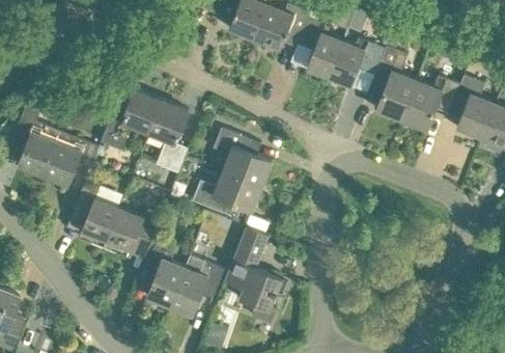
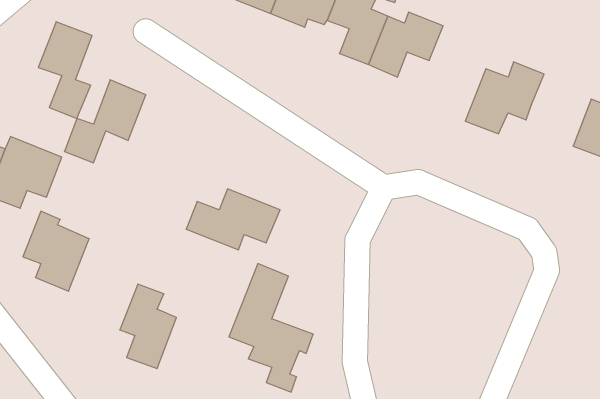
building: [369,46,417,119] -> none
building: [451,75,496,138] -> none
building: [148,100,189,172] -> [38,22,92,118]
building: [213,127,272,186] -> none
building: [104,208,160,259] -> none
building: [170,261,224,315] -> none

